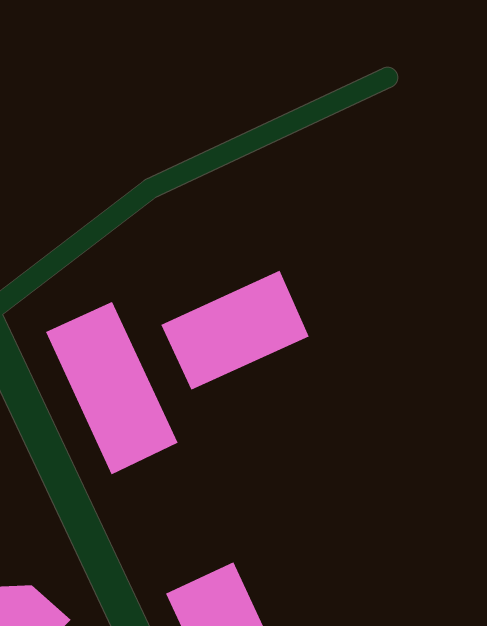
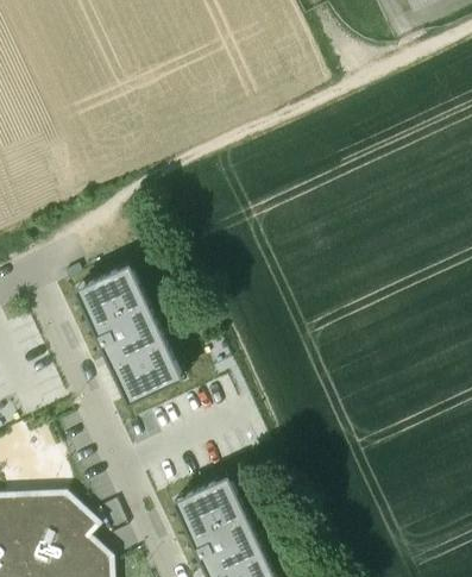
building: [161,270,309,390] -> none

